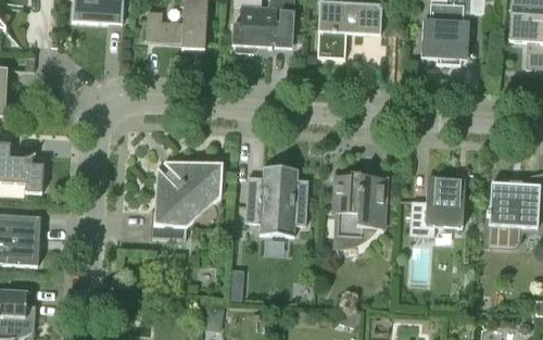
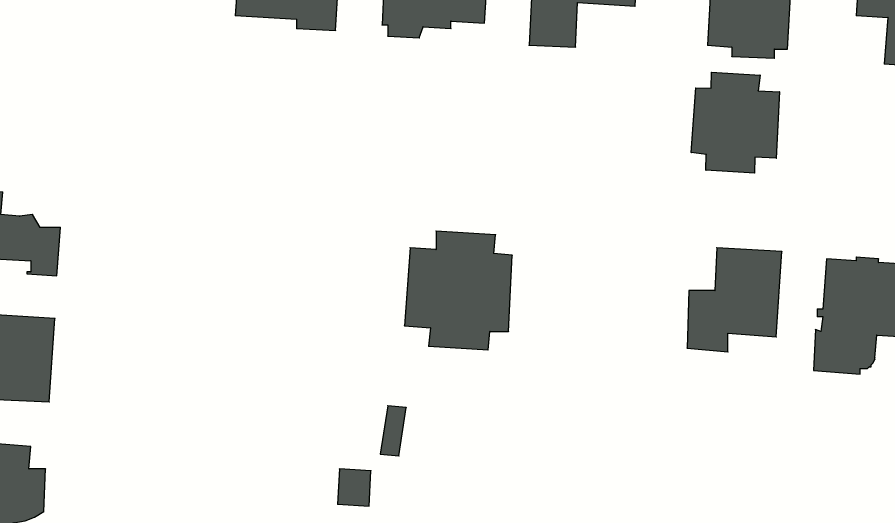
building: none -> [691,72,779,173]
building: [149,160,223,239] -> none
building: [332,174,387,248] -> none

